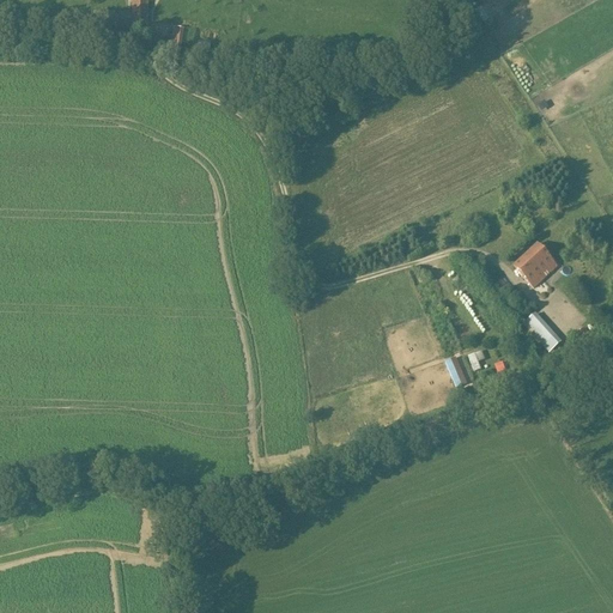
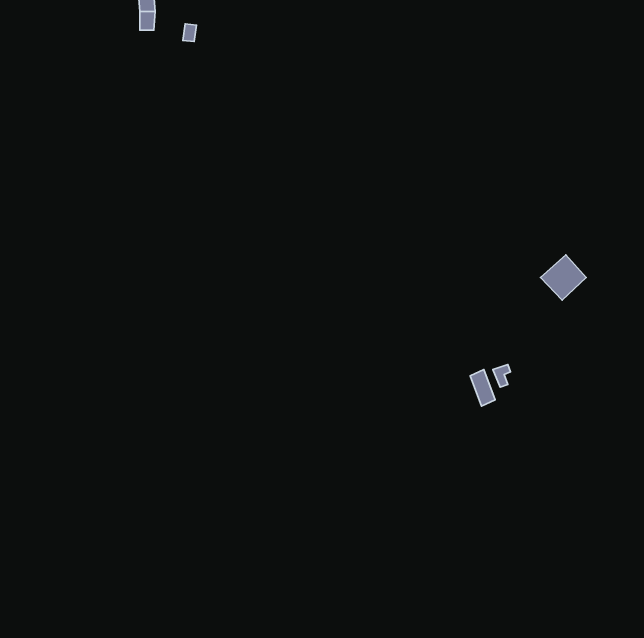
building: [523,310,562,350] -> none

